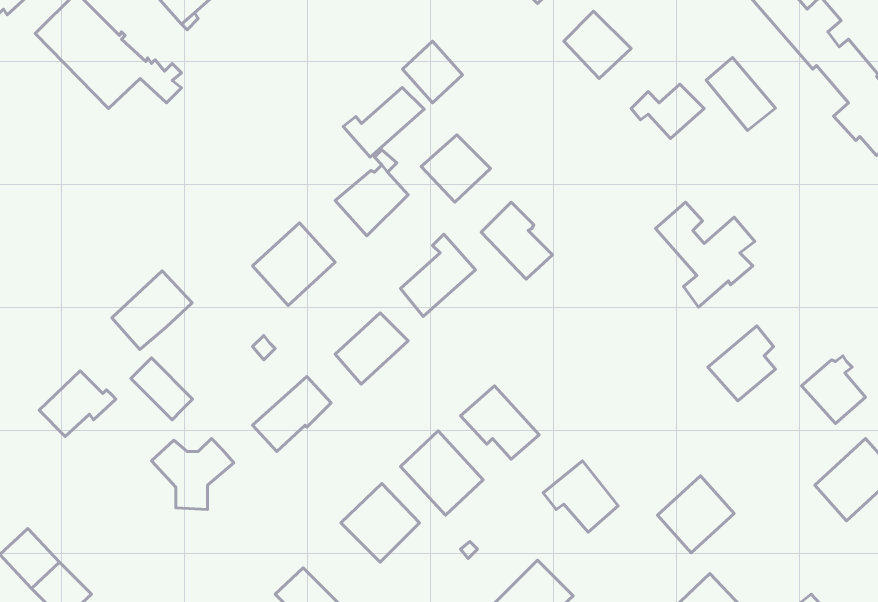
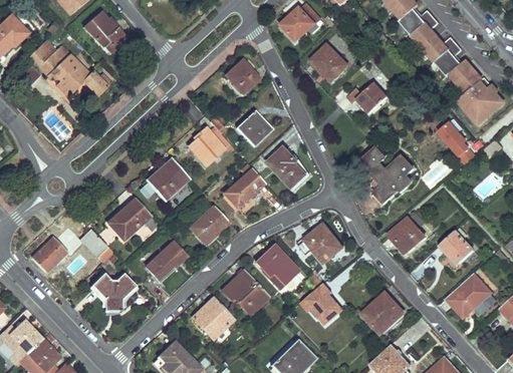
building: [706,58,776,131] -> [436,117,473,156]
building: [343,88,424,157] -> none
building: [112,271,192,350] -> [107,198,151,240]
building: none -> [304,224,342,263]

